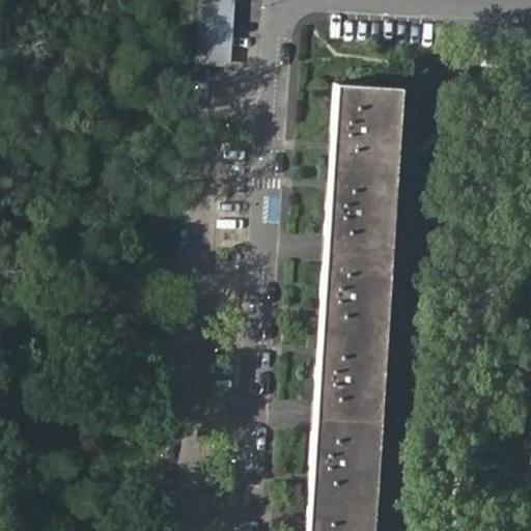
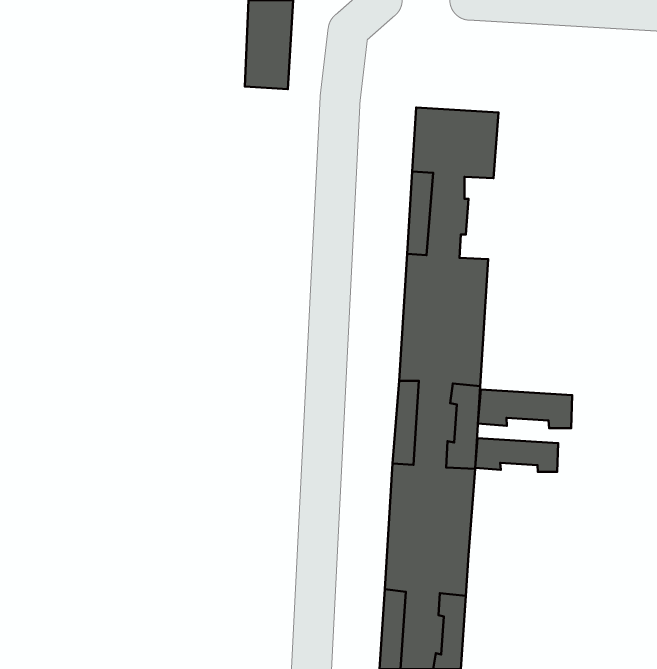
building: [373,140,400,205] -> none
building: none -> [478,389,572,428]
building: none -> [475,438,558,472]

